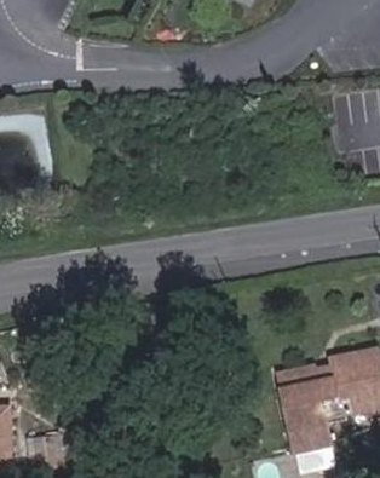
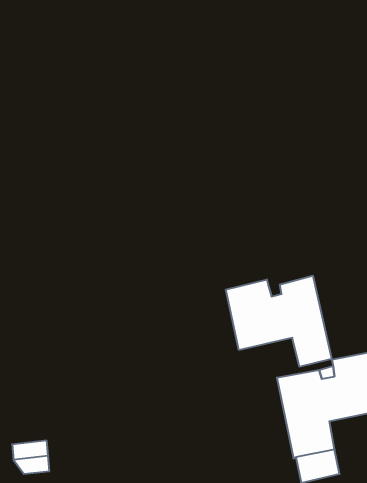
building: none -> [226,276,332,367]

